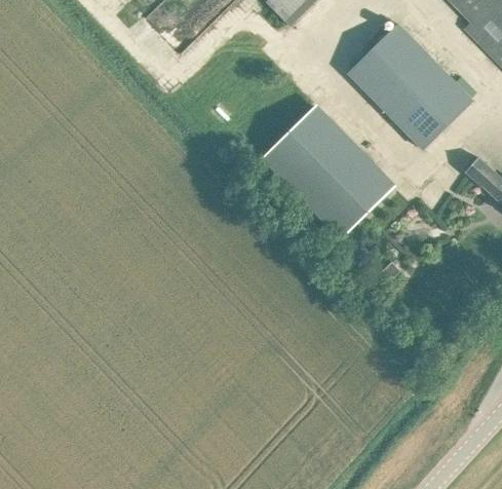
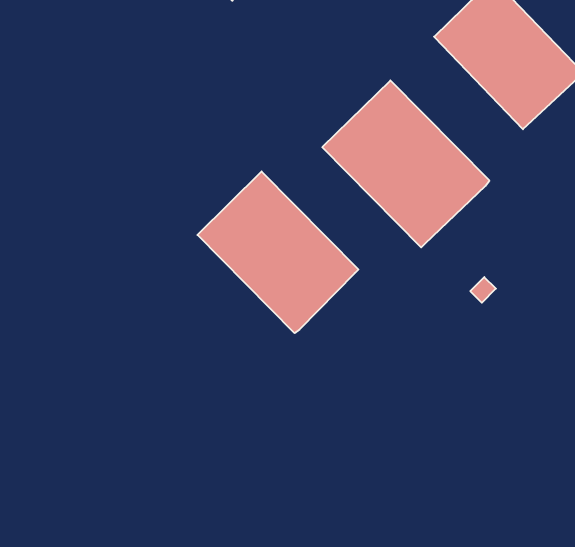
building: none -> [197,171,358,333]

